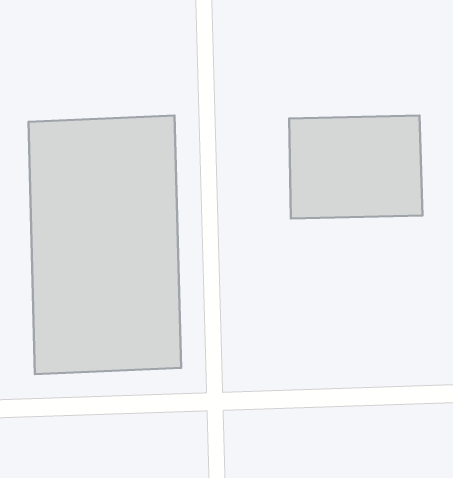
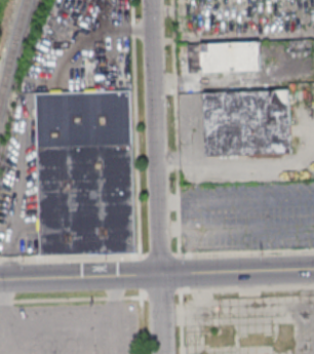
building: none -> [186,42,259,74]

